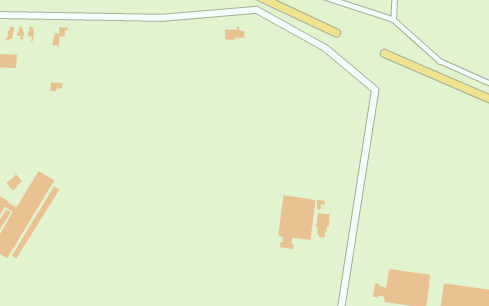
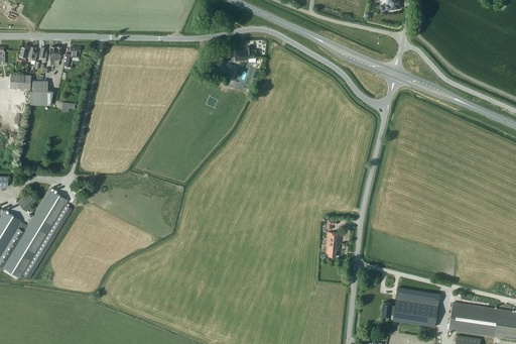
building: none -> [29,80,51,105]
building: [278,195,316,250] -> none

